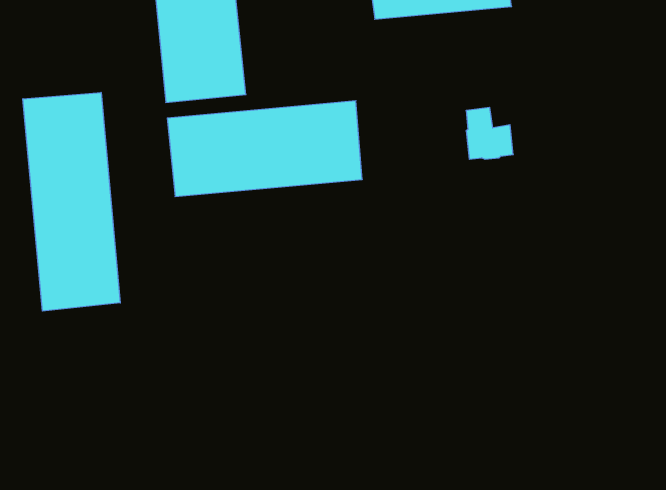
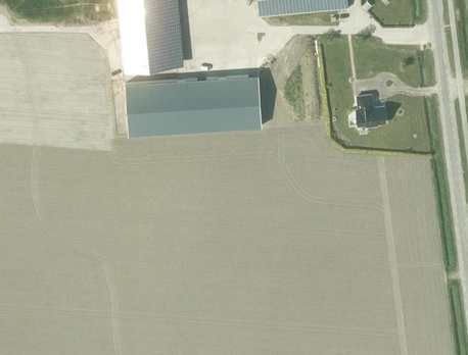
building: [23,92,120,311] -> none
building: [466,107,513,159] -> [358,94,388,128]

